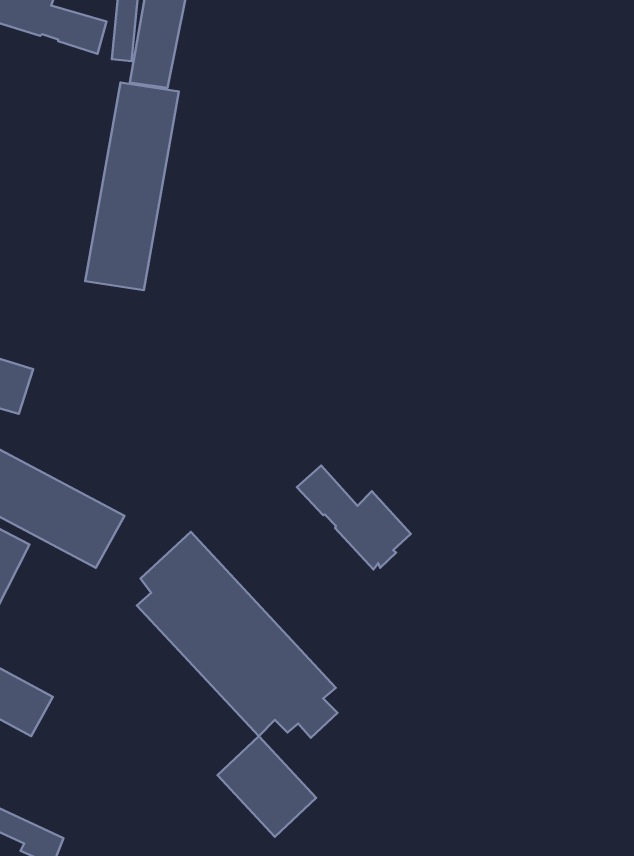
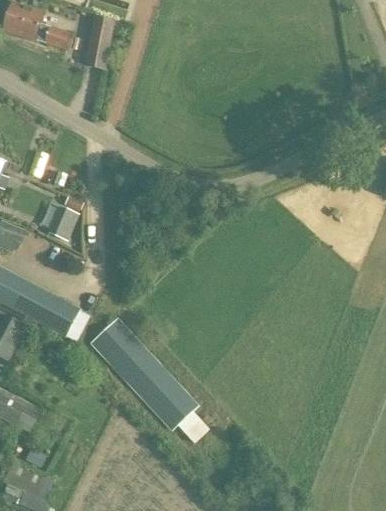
building: [85,82,179,290] -> none
building: none -> [48,204,79,240]
building: [297,465,411,569] -> none
building: [217,736,316,837] -> none

